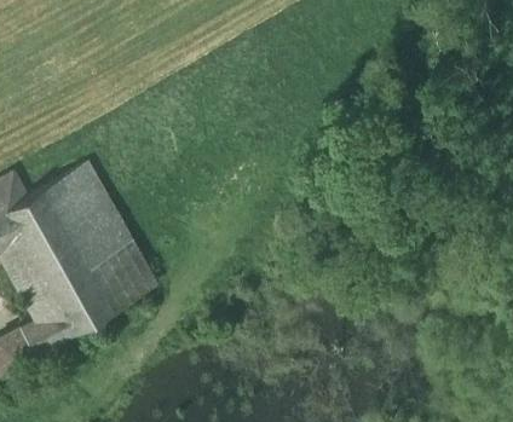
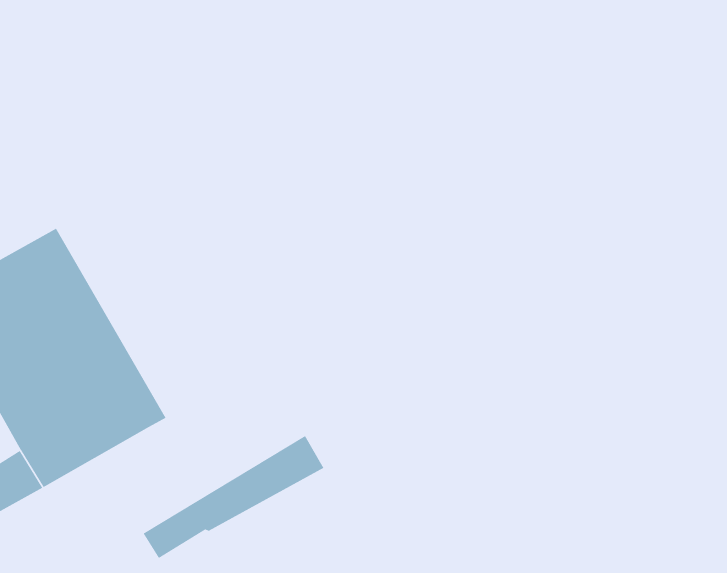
building: none -> [143,435,324,559]

